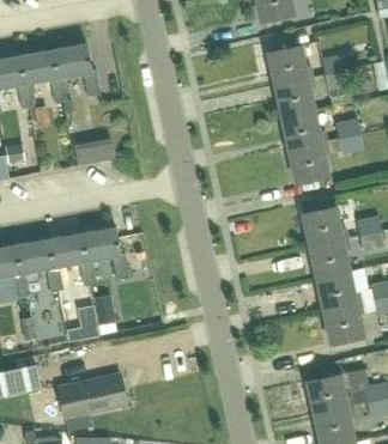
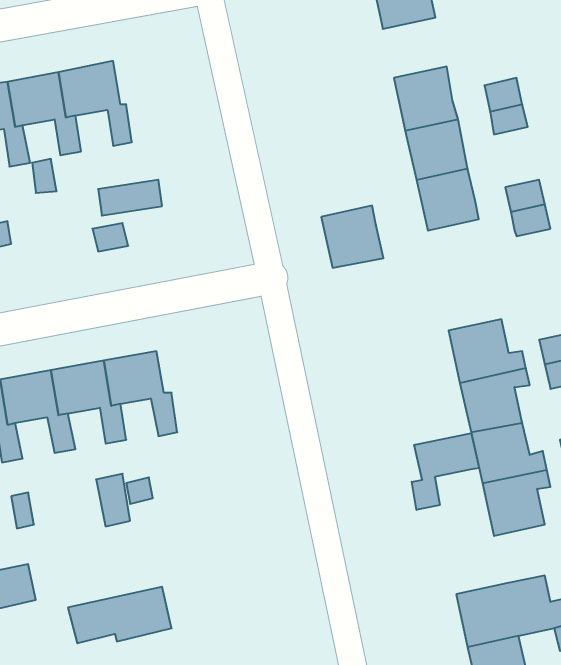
building: [287,144,327,183] -> [321,206,383,268]
building: none -> [412,433,479,510]

